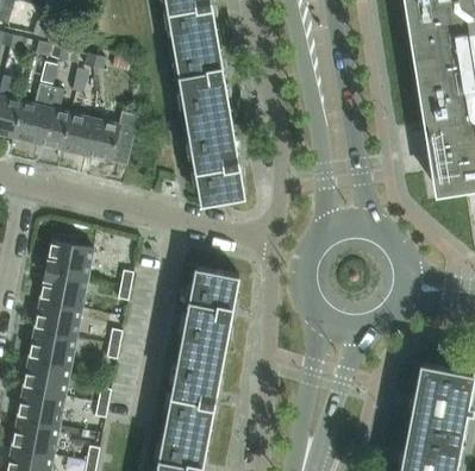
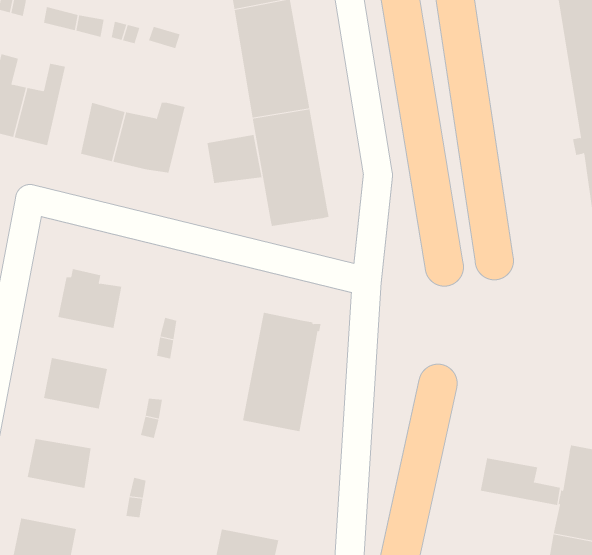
building: [37,87,69,151] -> none
building: none -> [207,134,262,184]
building: [39,271,86,309] -> none
building: [27,331,75,368] -> none
building: [164,347,223,435] -> none
building: none -> [480,457,561,506]
building: [17,389,64,427] -> none

